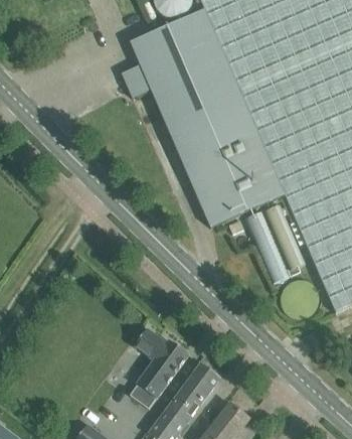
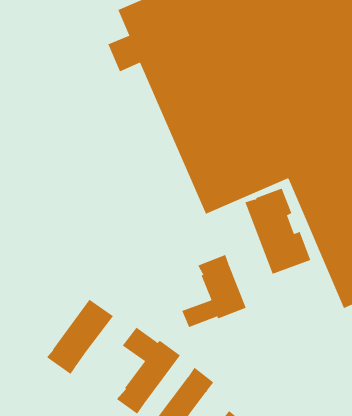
building: none -> [181,254,246,328]
building: none -> [46,299,114,375]

